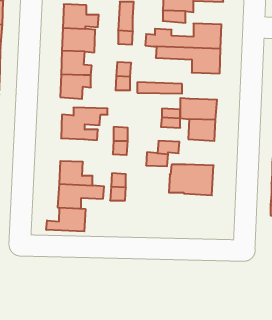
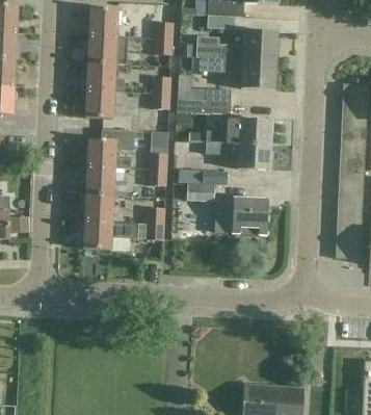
building: none -> [177,73,231,101]
building: none -> [85,165,113,193]
building: [46,208,85,231] -> none

